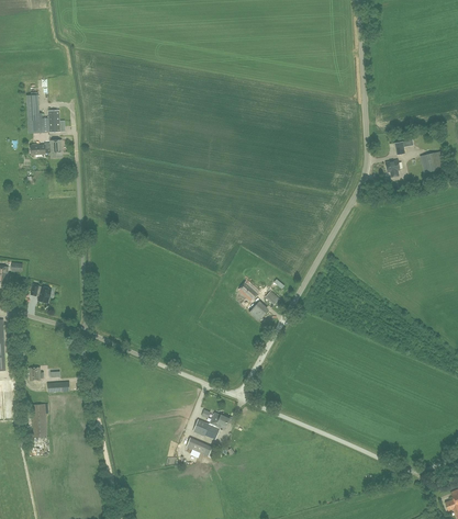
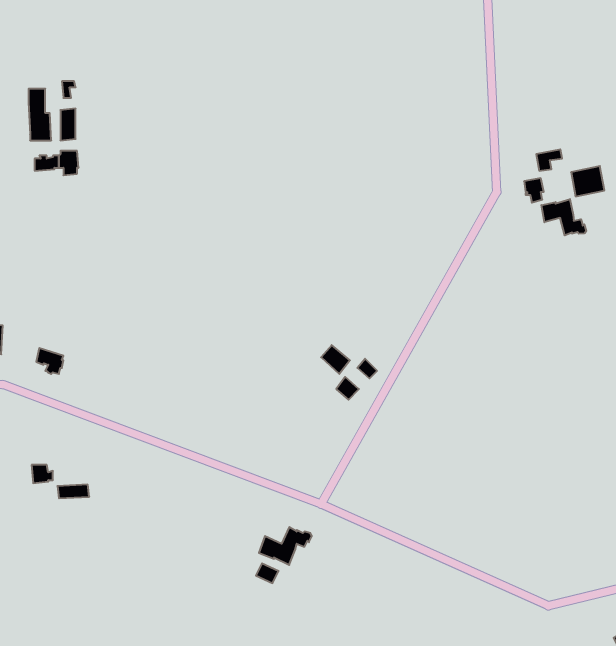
building: none -> [541,199,586,235]
building: [32,403,48,437] -> none

